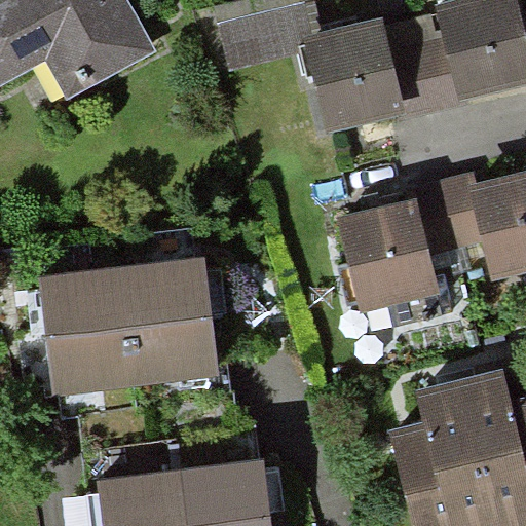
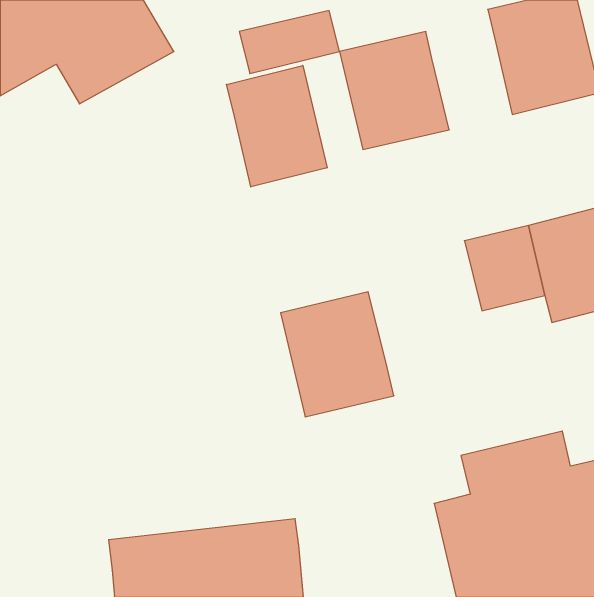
building: [382,38,453,114] -> none
building: none -> [226,65,327,187]
building: [334,212,434,322] -> [281,292,394,417]
building: [45,262,222,390] -> none

